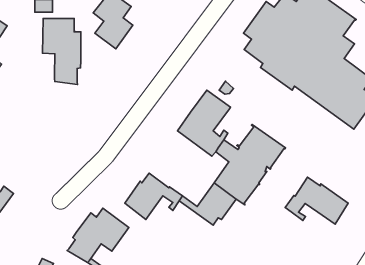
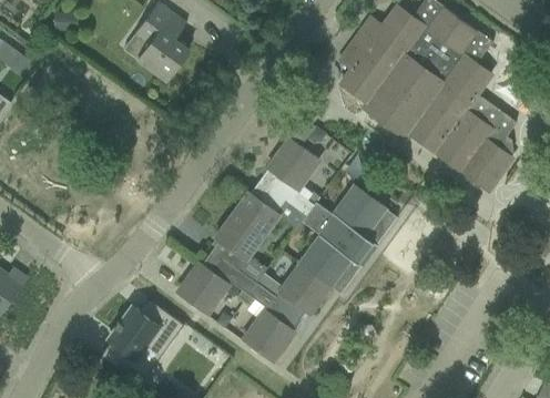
building: [43,19,81,84] -> none
building: none -> [211,192,277,271]
building: [285,177,348,224] -> none
building: none -> [243,288,298,361]

